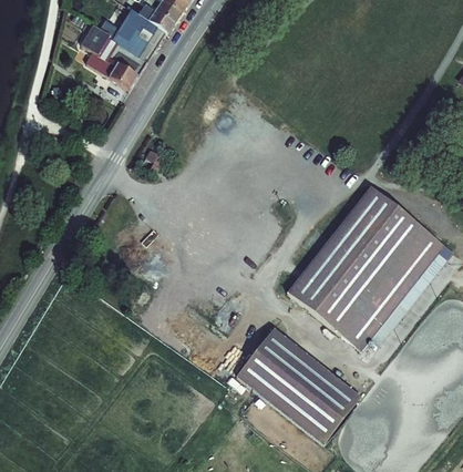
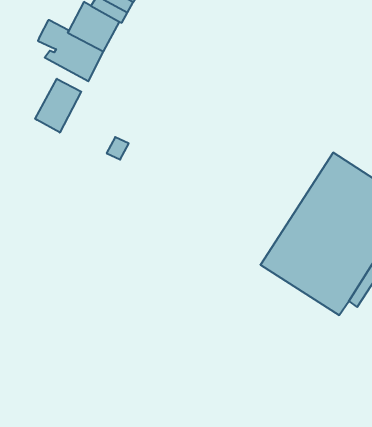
building: none -> [35,79,81,133]
building: [237,327,362,442] -> none

